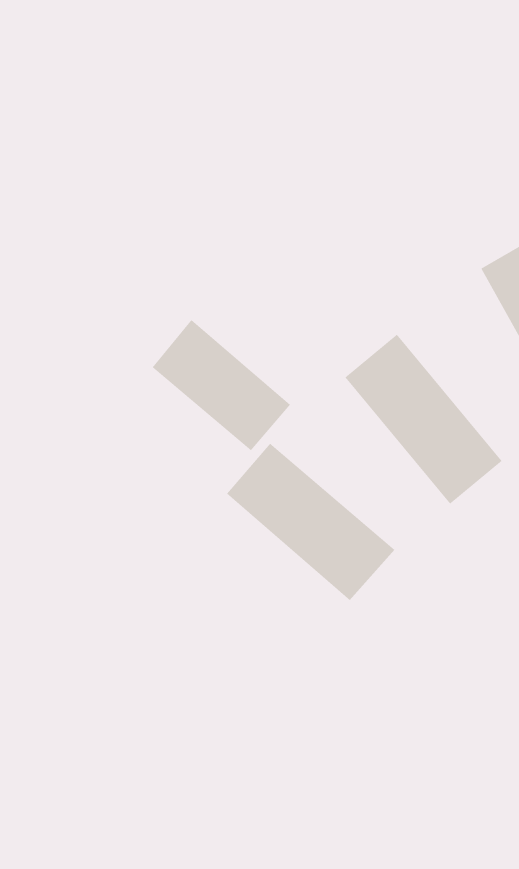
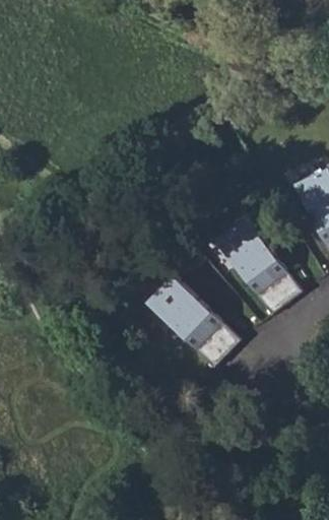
building: [152,319,291,451] -> none

